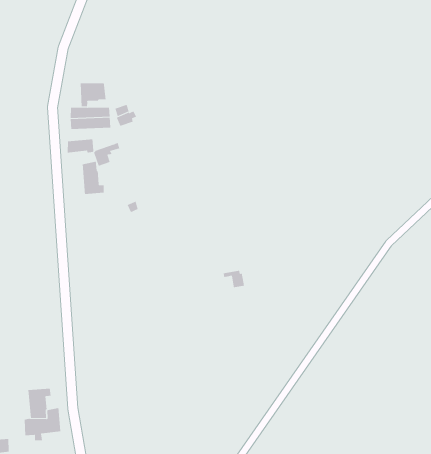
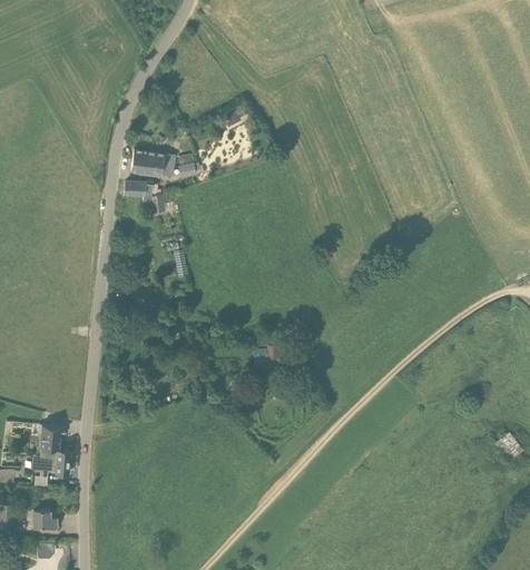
building: [80,83,106,107] -> none
building: [82,161,104,195] -> none

